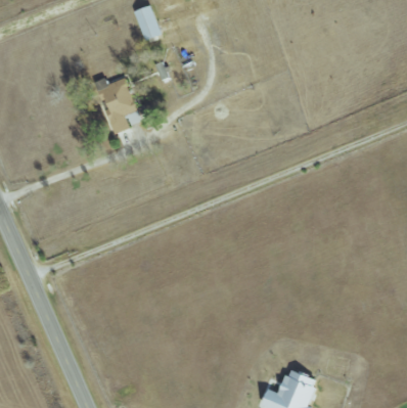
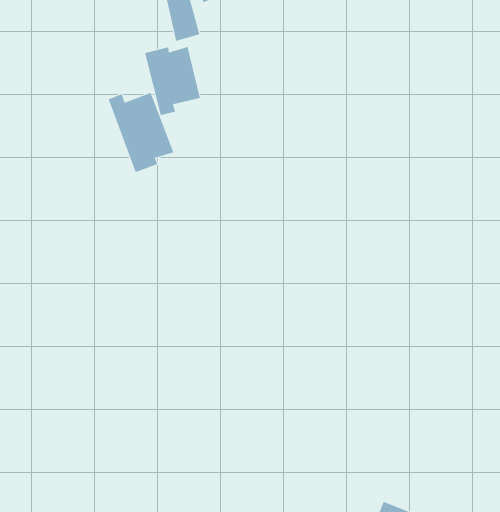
building: none -> [145,46,201,116]

